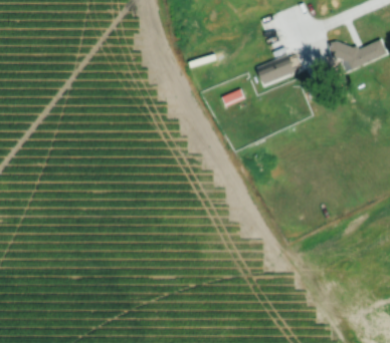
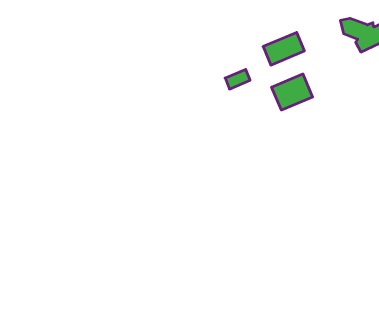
building: none -> [272,74,313,110]

